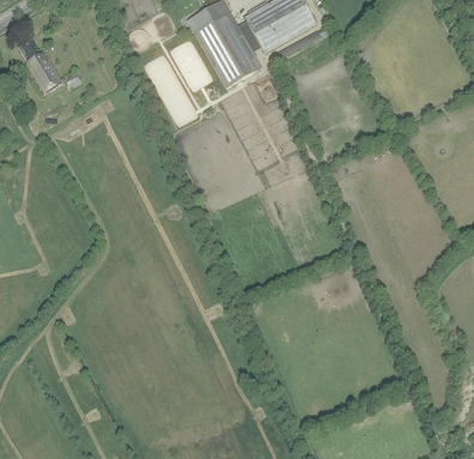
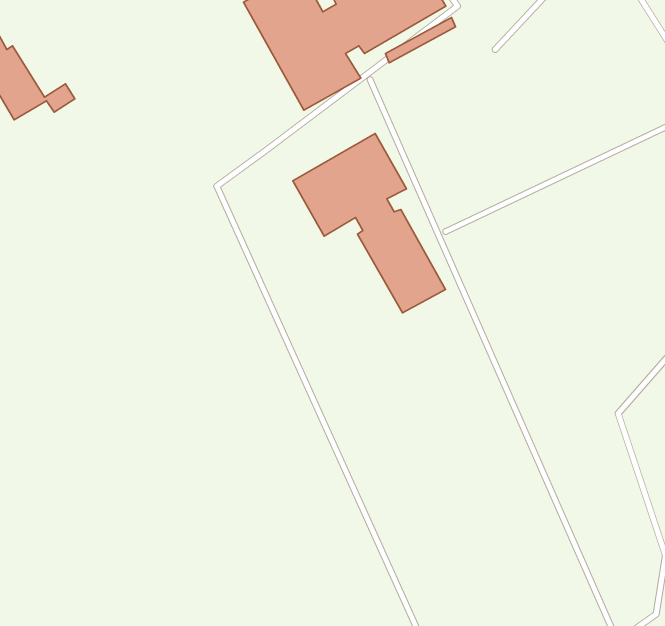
building: none -> [293,134,445,313]

